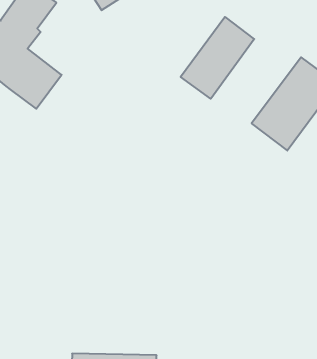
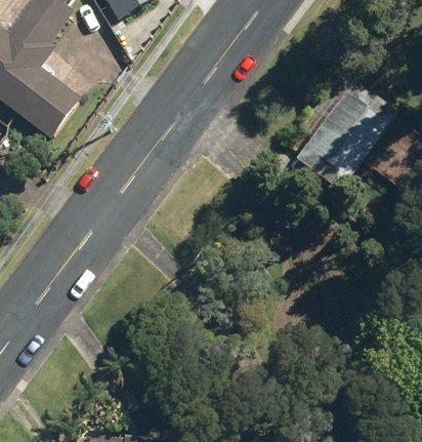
building: [181,17,254,99] -> none

